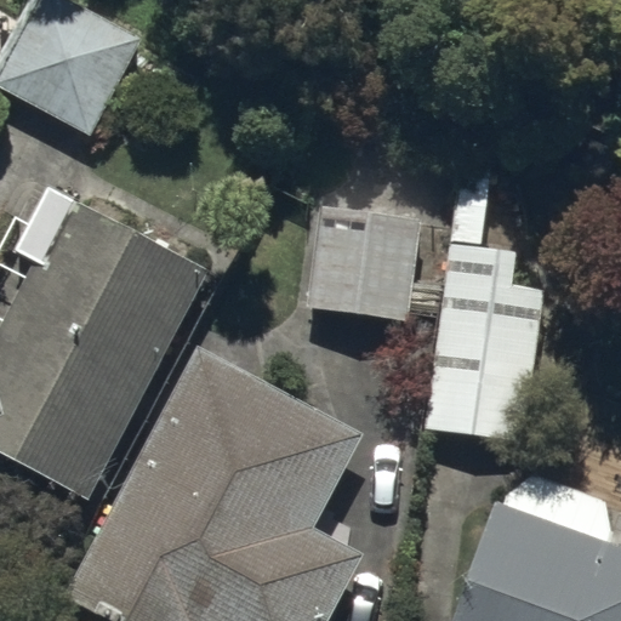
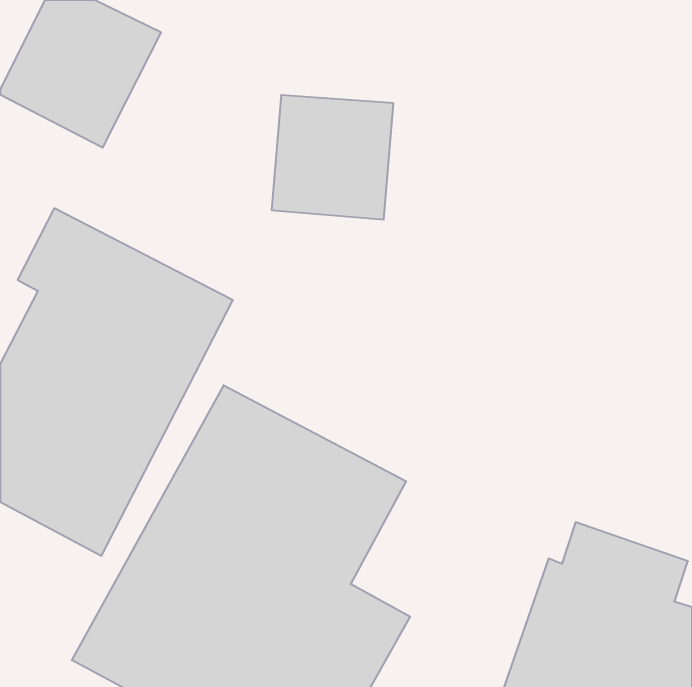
building: [425,190,546,444] -> none
building: [308,206,417,318] -> [272,95,393,219]

